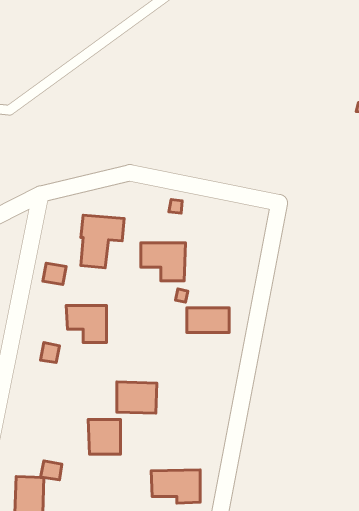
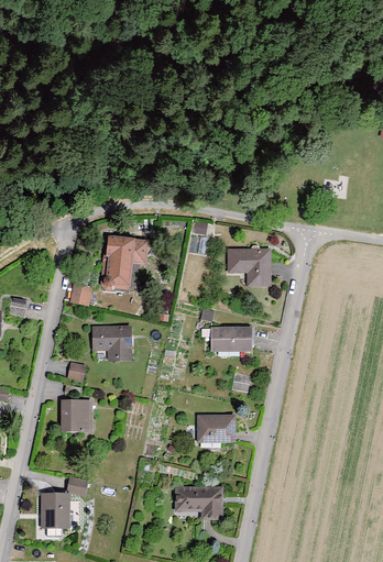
building: [141,243,185,281] -> [227,249,271,286]
building: [117,382,157,413] -> [197,414,237,444]
building: [88,420,121,454] -> [61,400,92,434]

